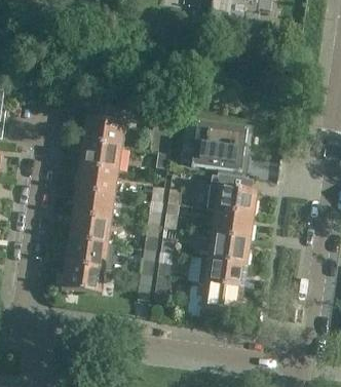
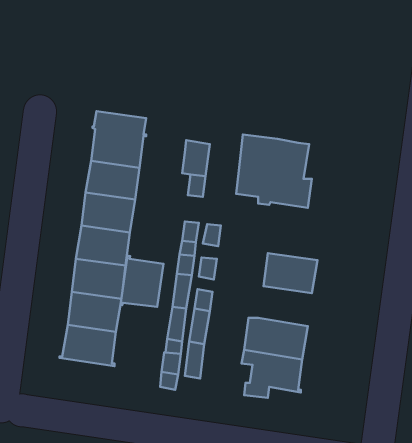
building: [216,170,259,214] -> none
building: none -> [121,256,163,307]
building: [209,233,249,263] -> none

